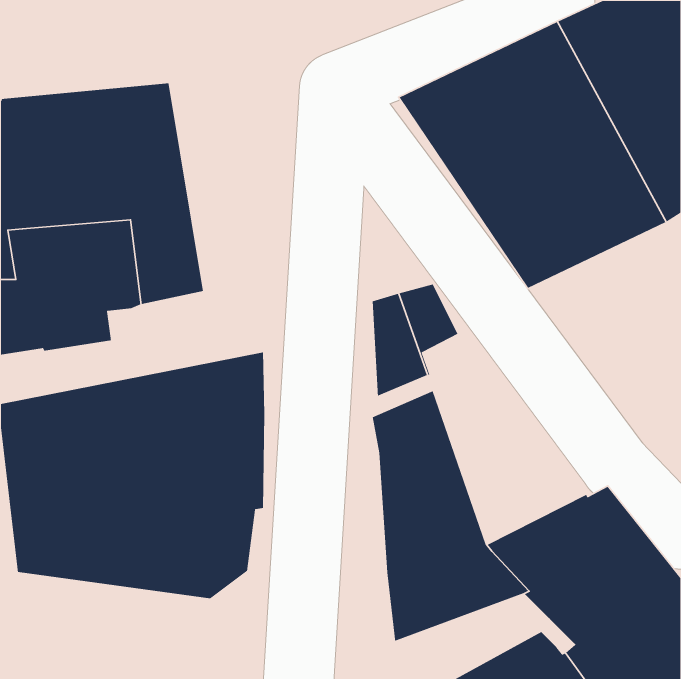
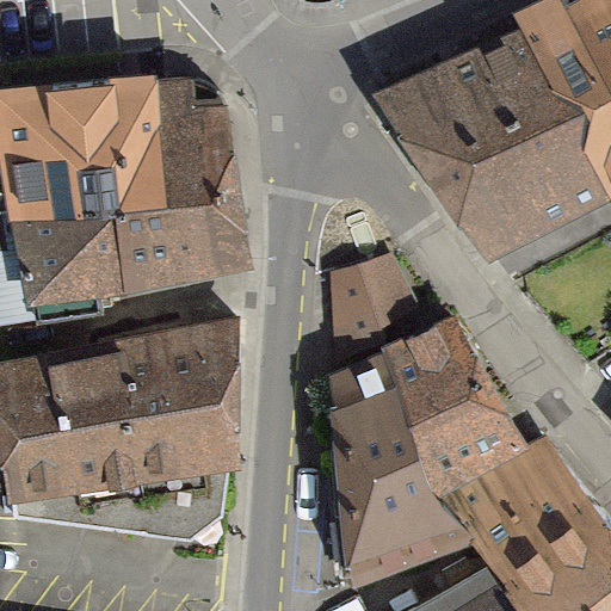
building: none -> [152,74,245,263]
building: none -> [388,321,525,489]

